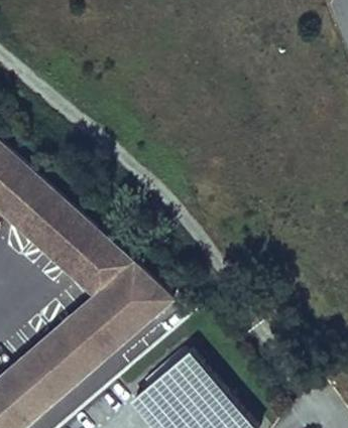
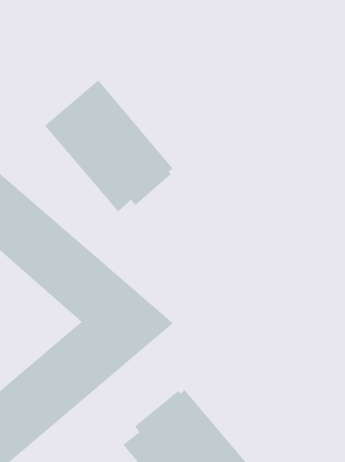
building: none -> [44,80,173,212]

